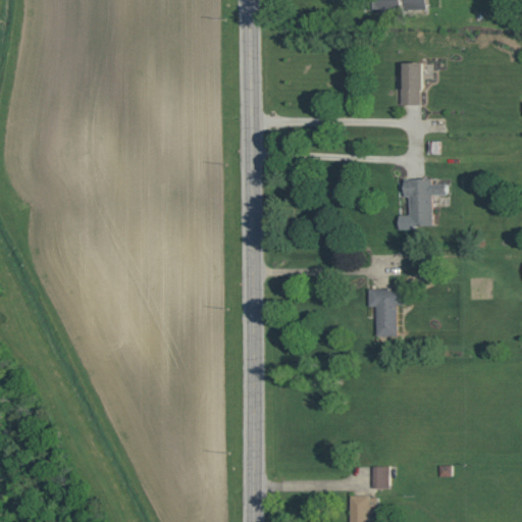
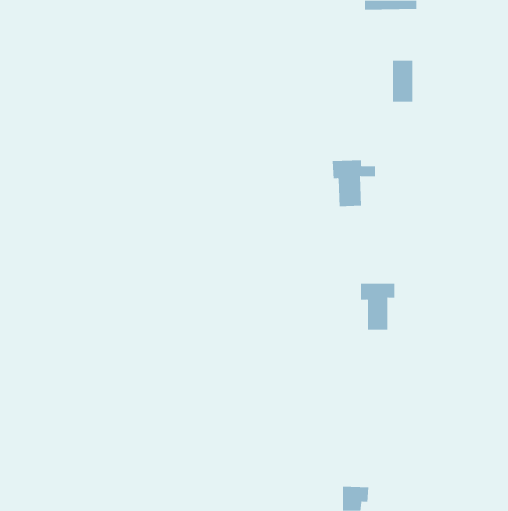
building: [401,177,446,225] -> [332,160,376,207]
building: [371,466,388,487] -> none

